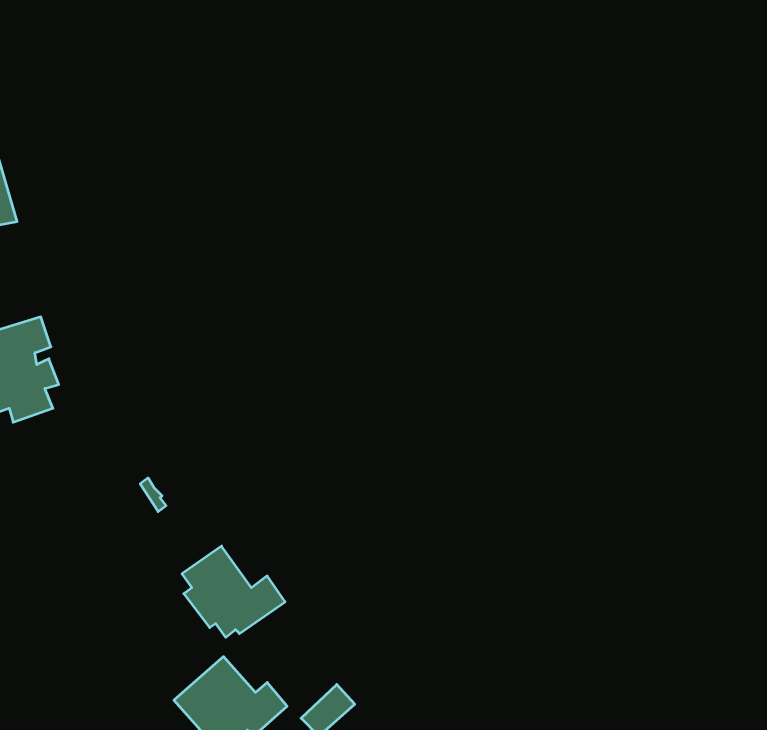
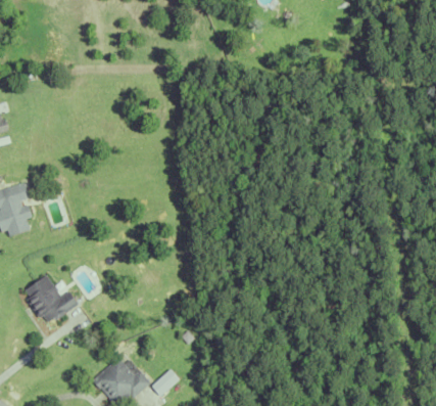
building: [182,546,285,637] -> [25,274,78,321]

